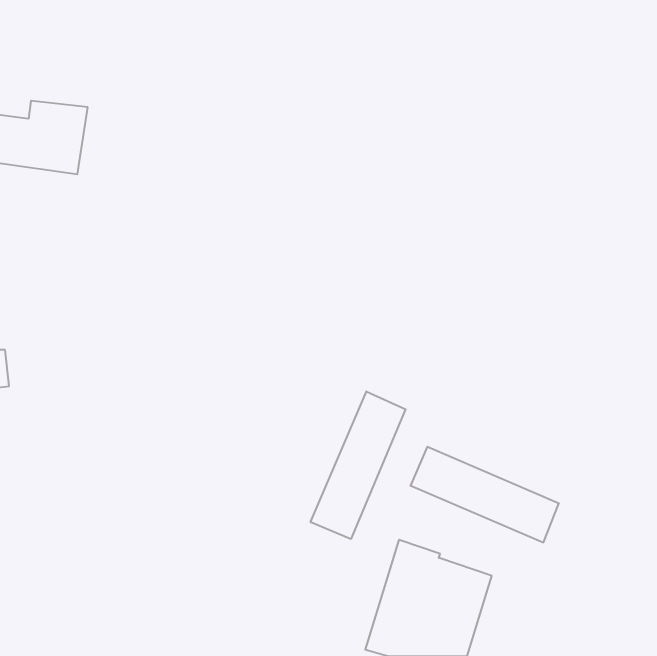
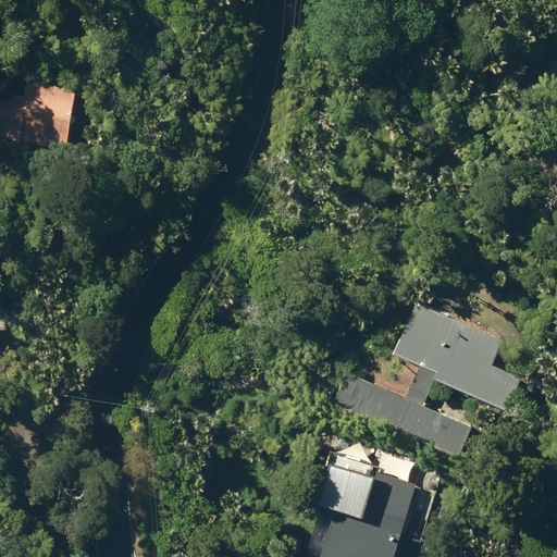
building: none -> [391,302,521,411]
building: [311,391,406,539] -> none

